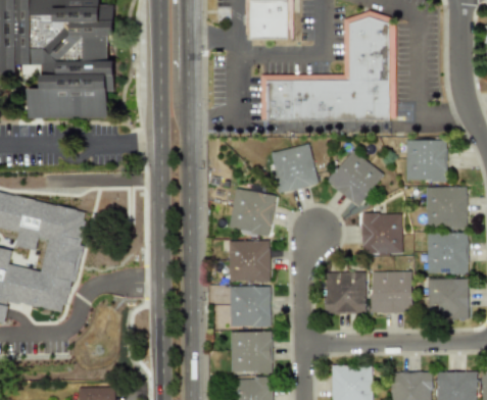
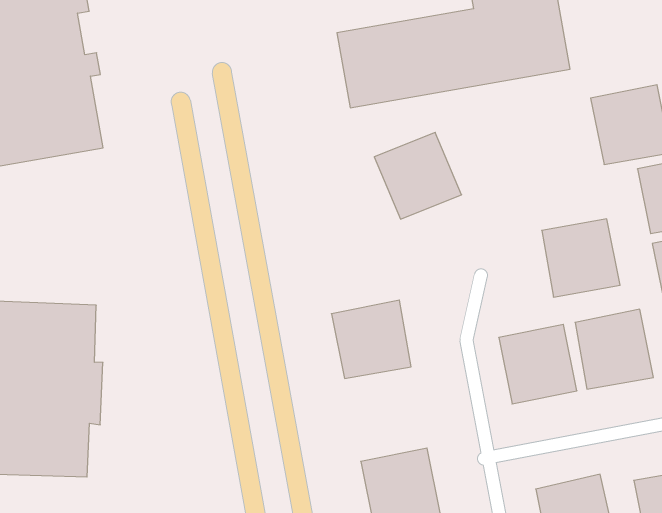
building: [328,150,383,206] -> none
building: [229,189,274,234] -> none
building: [229,286,271,327] -> none

